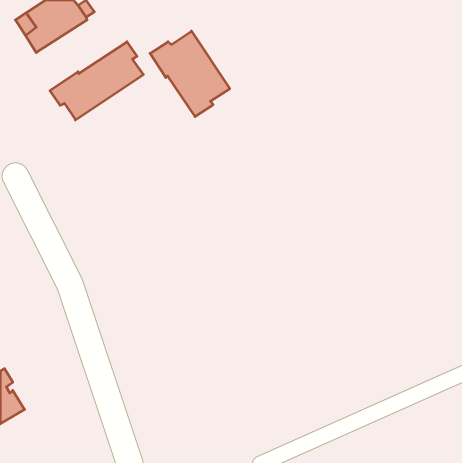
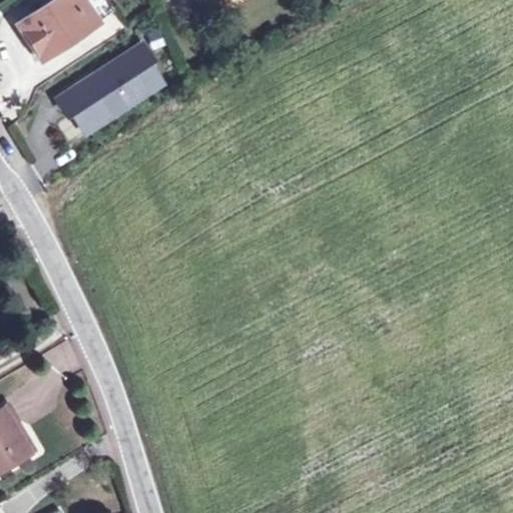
building: [150,31,230,117] -> none

